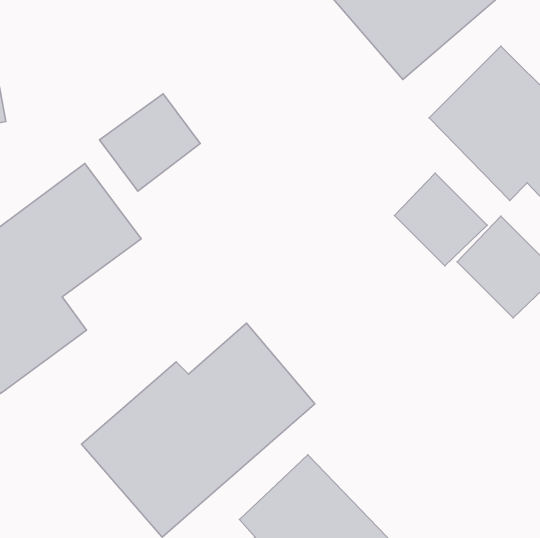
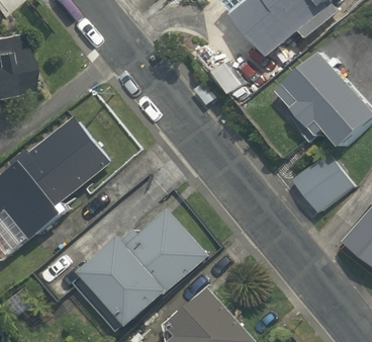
building: [99,94,200,191] -> none
building: [394,173,487,266] -> none

